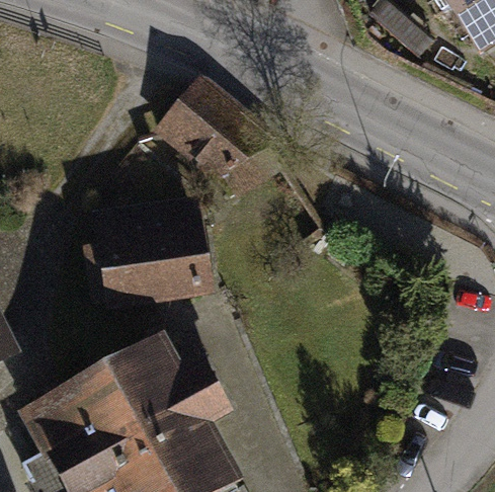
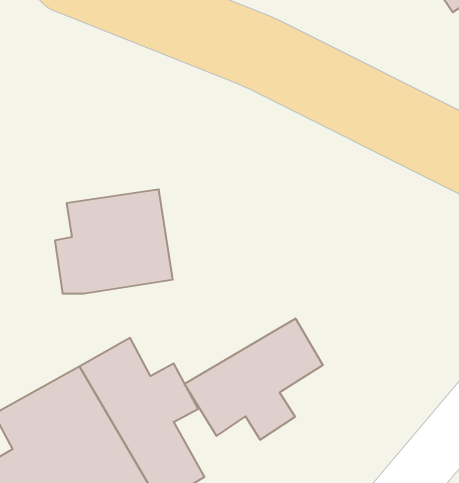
building: [161,85,272,177] -> none
building: none -> [185,318,323,440]

